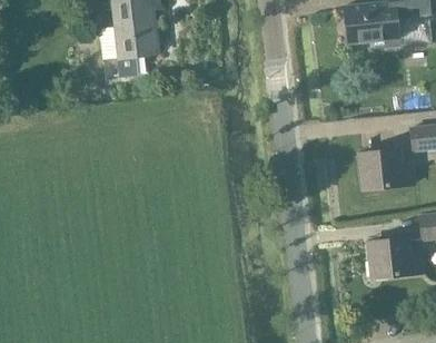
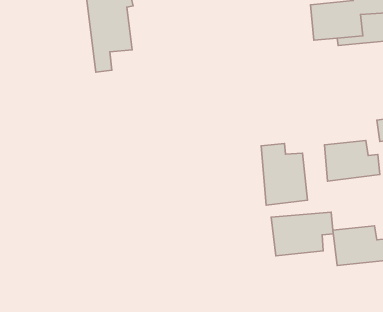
building: none -> [261,143,307,205]
building: none -> [271,212,333,256]

